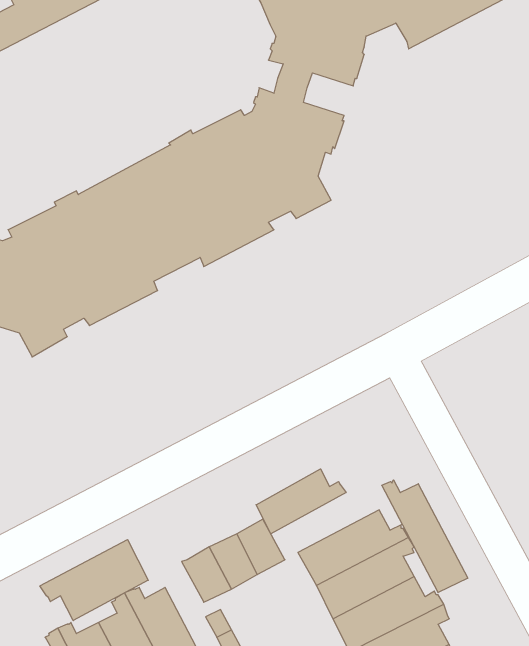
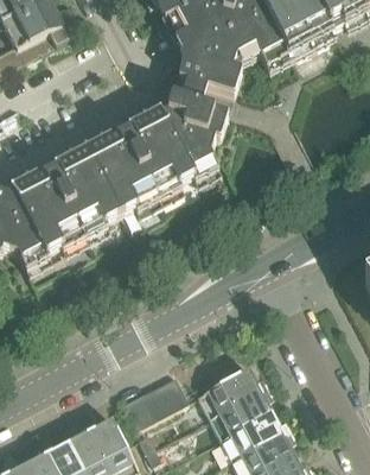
building: [256,469,346,534] -> none
building: [382,480,468,593] -> none
building: [40,540,148,621] -> none

